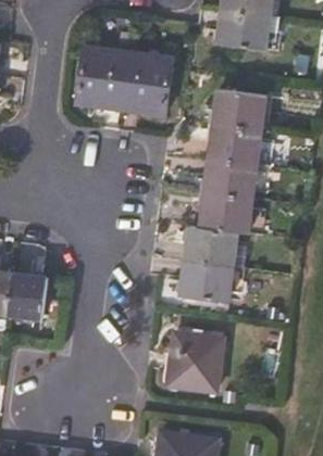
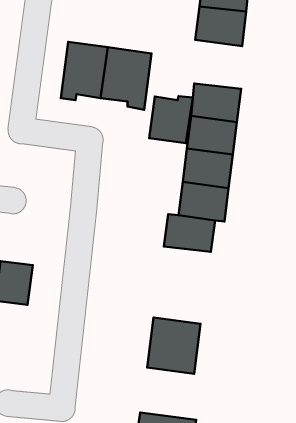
building: none -> [149,96,193,143]
building: [179,258,233,301] -> none

